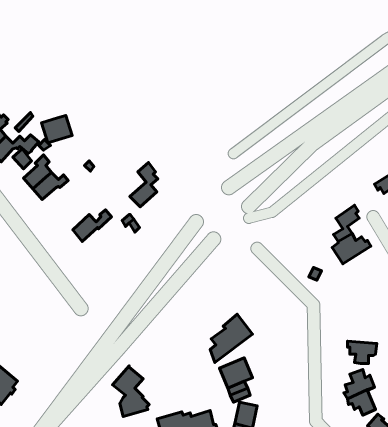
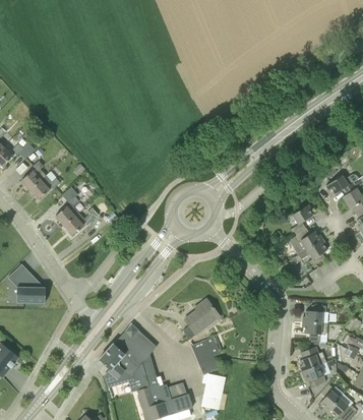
building: [41,115,72,143] -> none
building: [130,162,158,207] -> [55,187,79,226]
building: none -> [289,240,326,266]
building: none -> [10,264,45,304]
building: none -> [302,305,327,324]
building: none -> [113,323,159,389]

